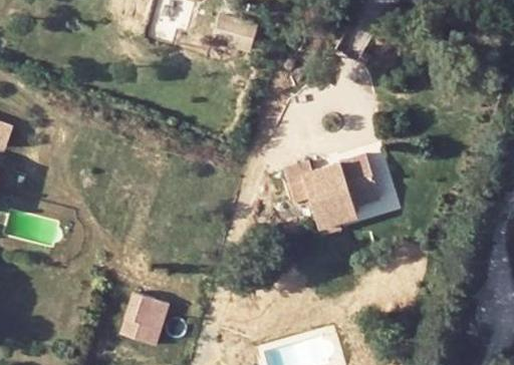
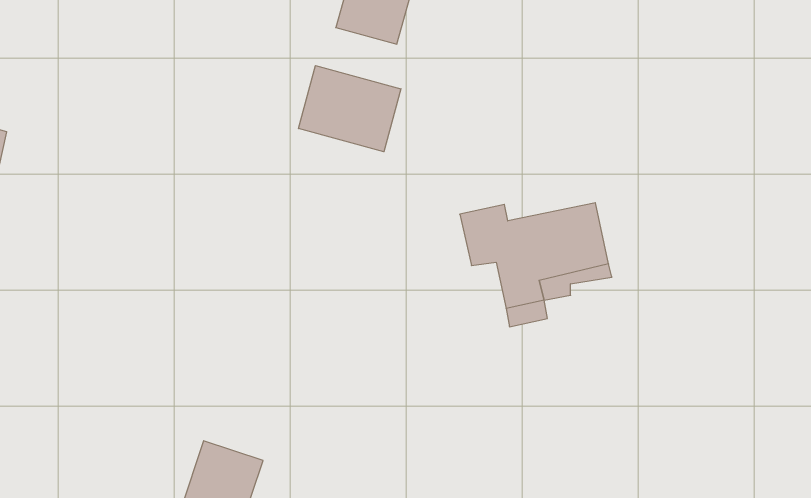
building: none -> [299,66,401,152]

